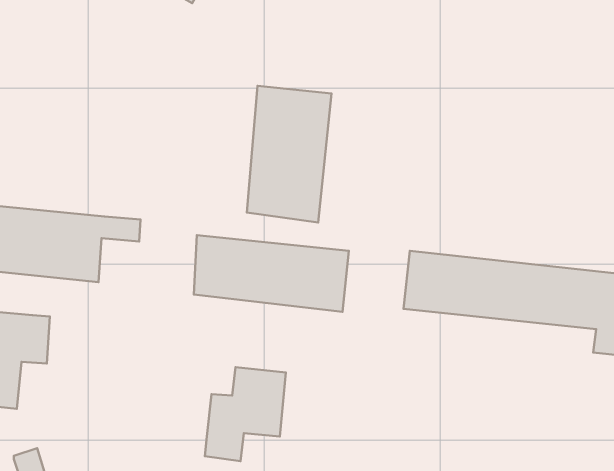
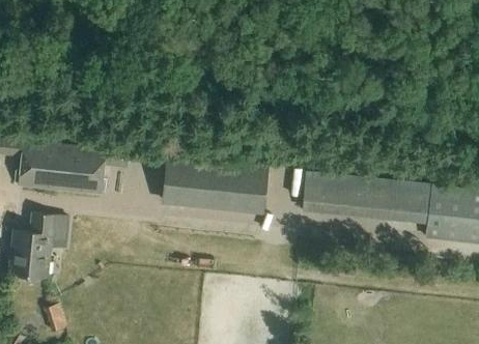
building: [247,86,331,222] -> none
building: [205,367,286,461] -> none

